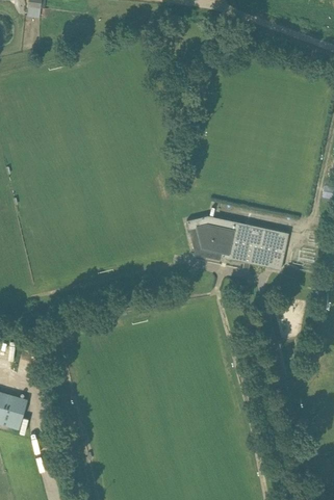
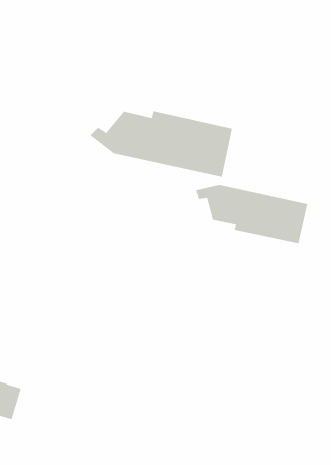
building: none -> [90,111,232,178]

